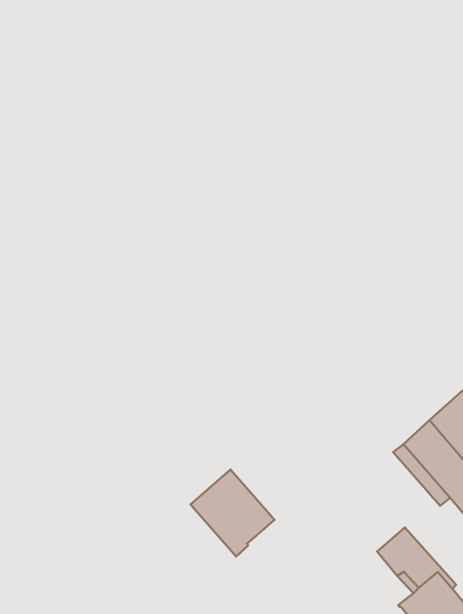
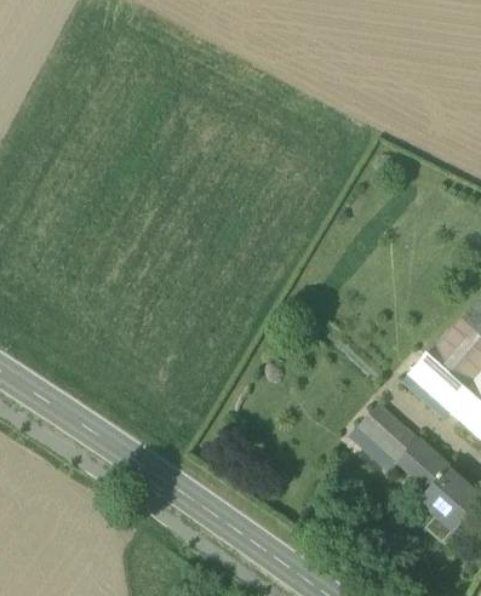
building: [191,470,275,556] -> [353,405,420,472]

